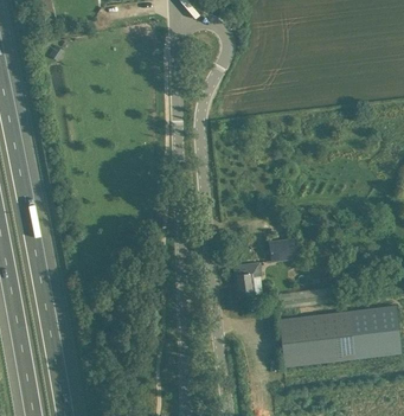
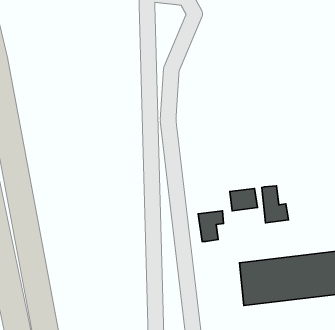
building: none -> [262,186,288,223]

